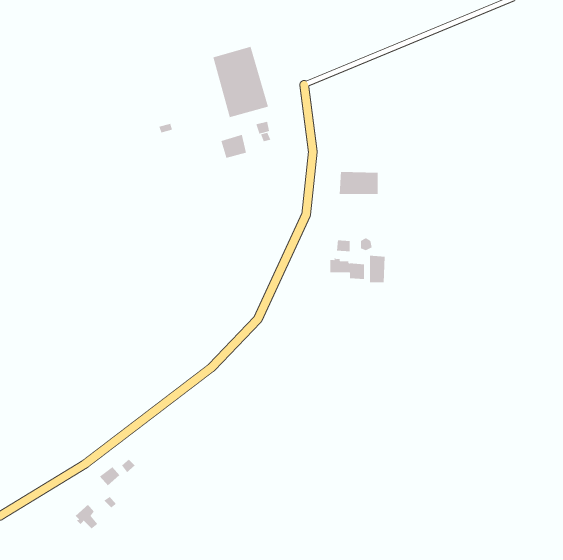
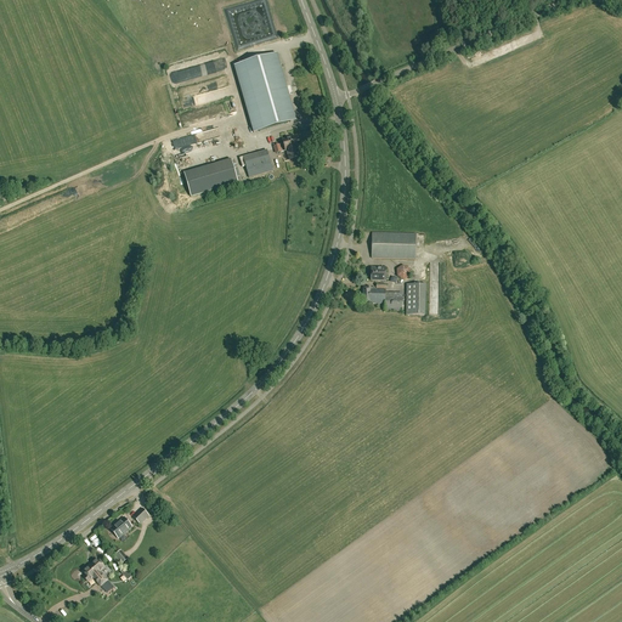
building: none -> [183,157,238,194]
building: [339,171,379,195] -> [372,231,415,256]

